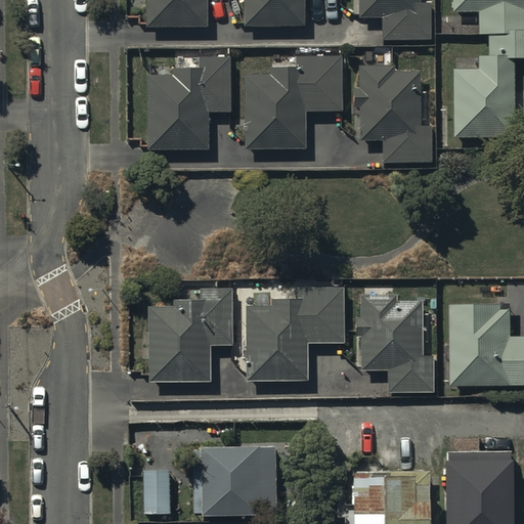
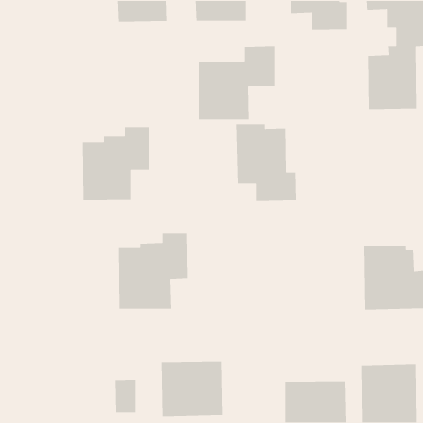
building: [146,56,230,148] -> [82,126,150,201]
building: [358,66,434,162] -> [235,124,297,201]
building: [245,288,341,380] -> none
building: [360,296,436,394] -> none

